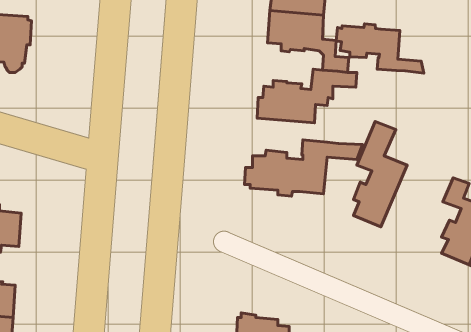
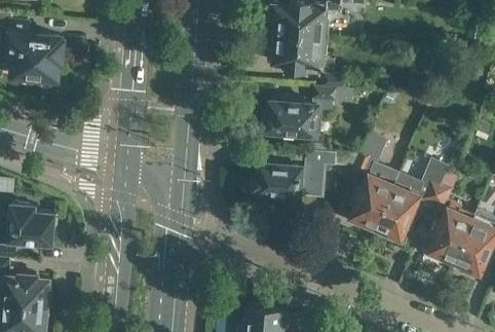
building: [336,24,424,73] -> none
building: none -> [375,160,447,239]

